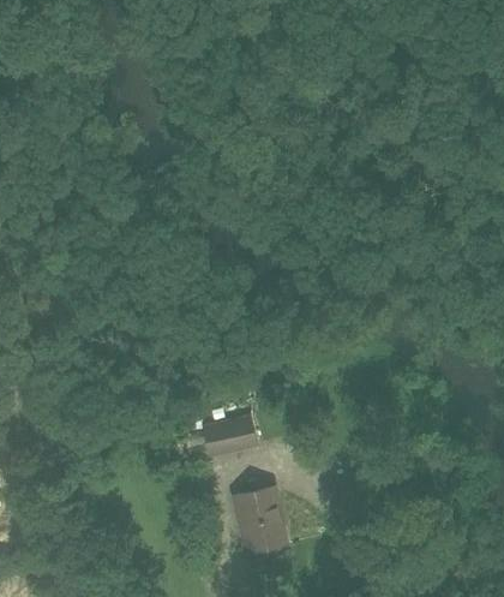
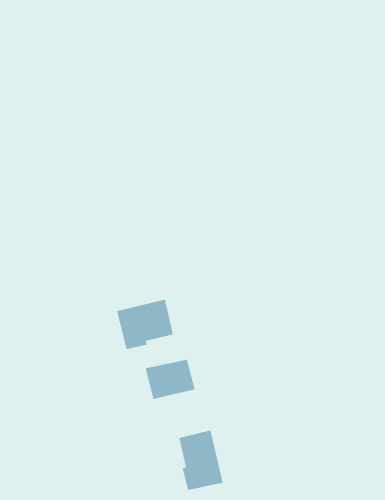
building: none -> [116,299,173,350]

